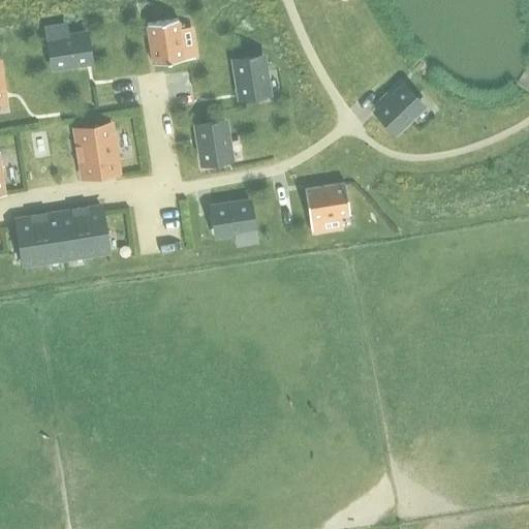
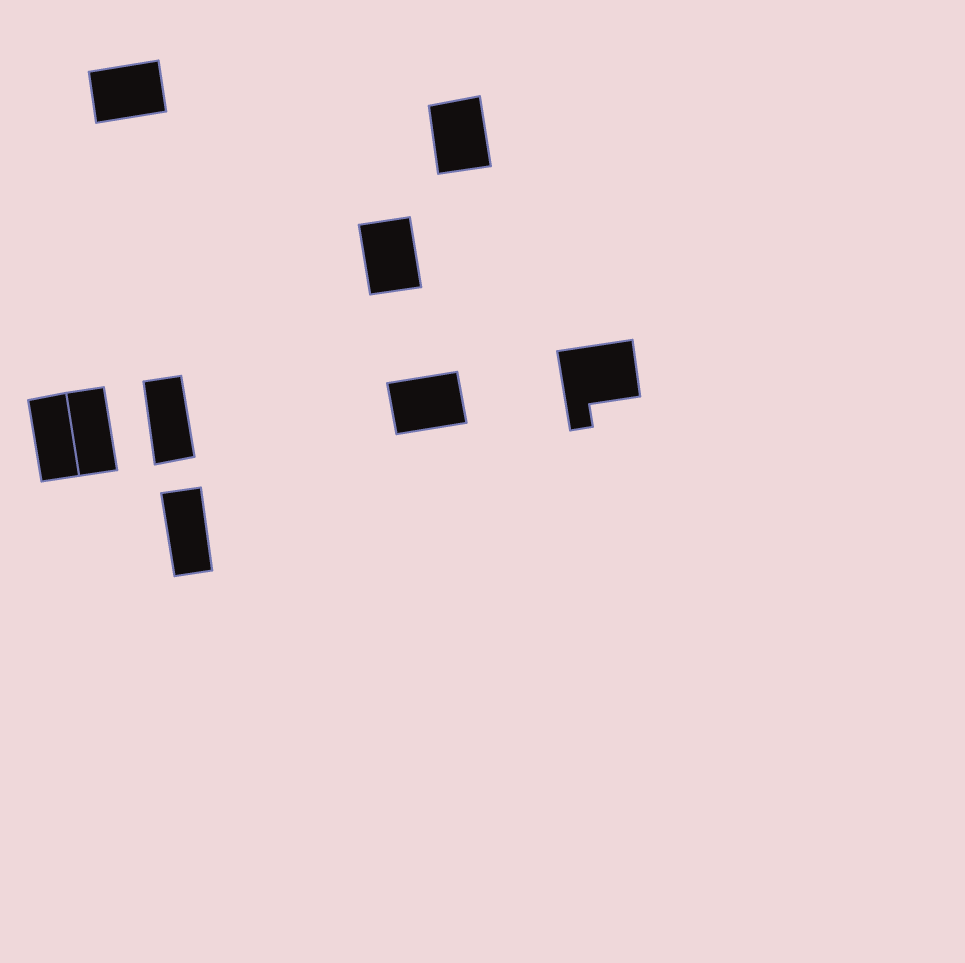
building: [147,20,195,65] -> none
building: [375,84,422,130] -> none
building: [75,125,119,178] -> none
building: [57,210,85,258] -> [161,487,212,576]

